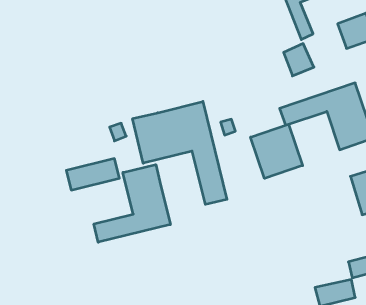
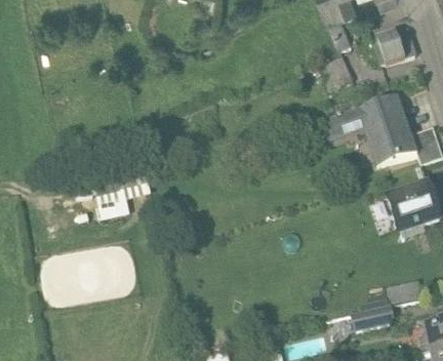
building: [133,101,227,204] -> none
building: [251,124,303,178] -> none
building: [94,165,170,242] -> none

